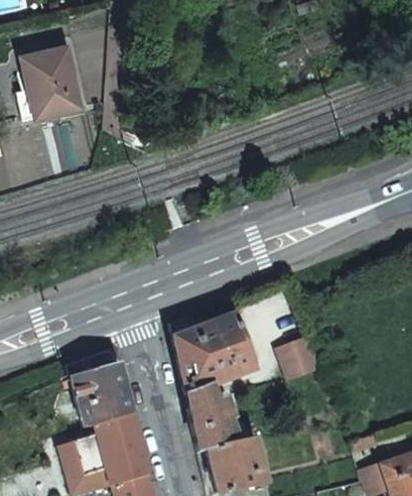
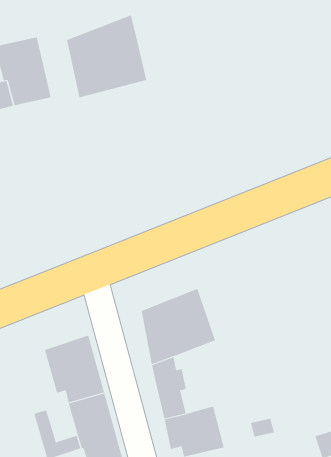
building: none -> [66,14,147,98]
building: [278,337,322,381] -> none
building: [76,436,108,477] -> none

